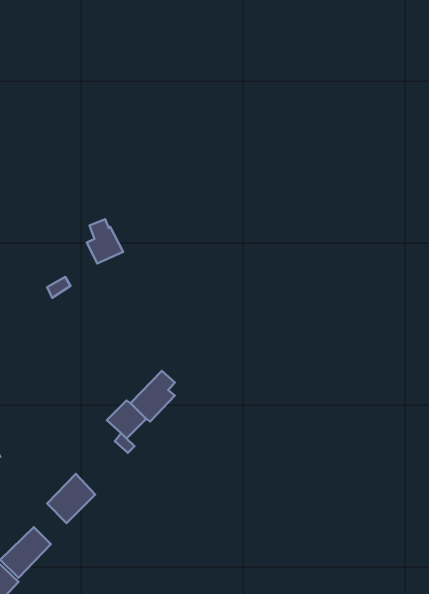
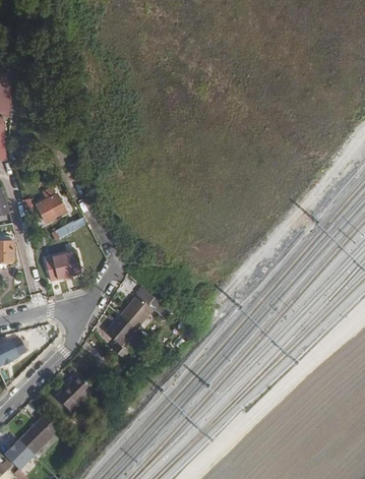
building: [87,219,123,263] -> [38,185,66,220]
building: none -> [38,254,74,283]

